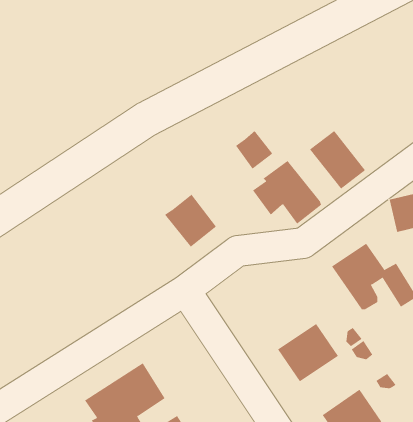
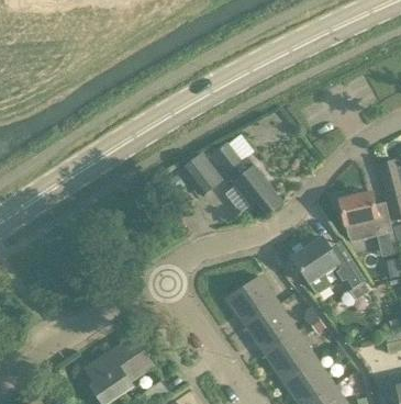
building: [309,130,366,189] -> none
building: [164,194,217,248] -> [180,153,224,198]
building: none -> [227,277,279,326]
building: none -> [265,332,315,381]

